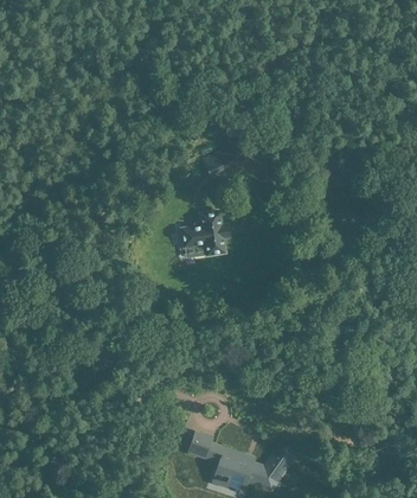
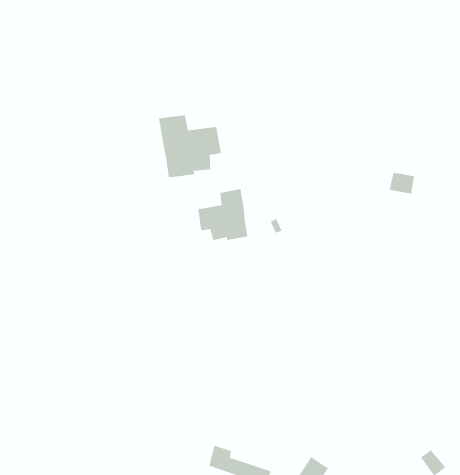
building: none -> [159,115,222,178]

